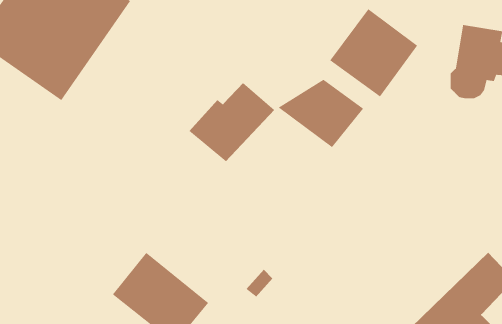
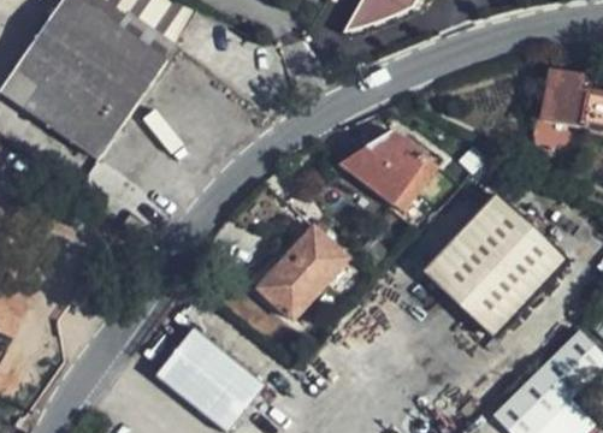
building: [329,8,418,97] -> none
building: [188,82,275,162] -> [252,226,349,316]
building: none -> [426,197,564,333]

